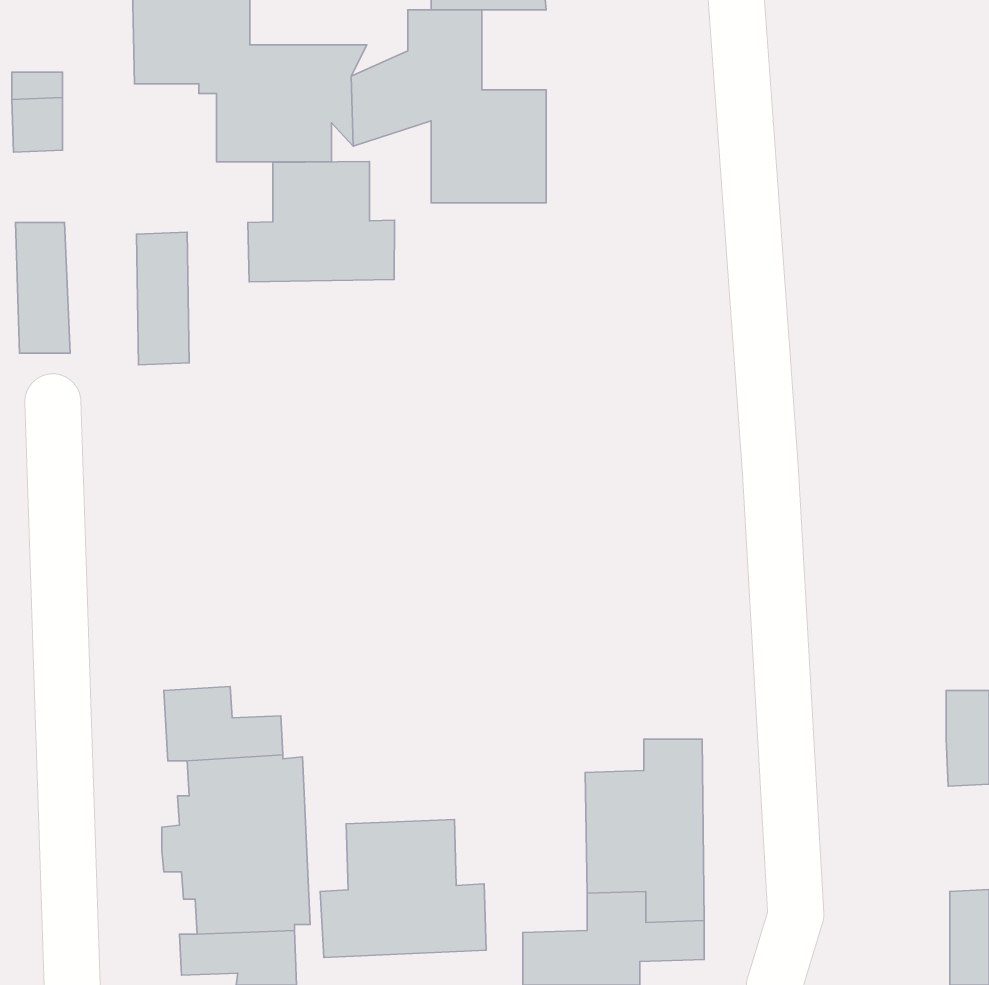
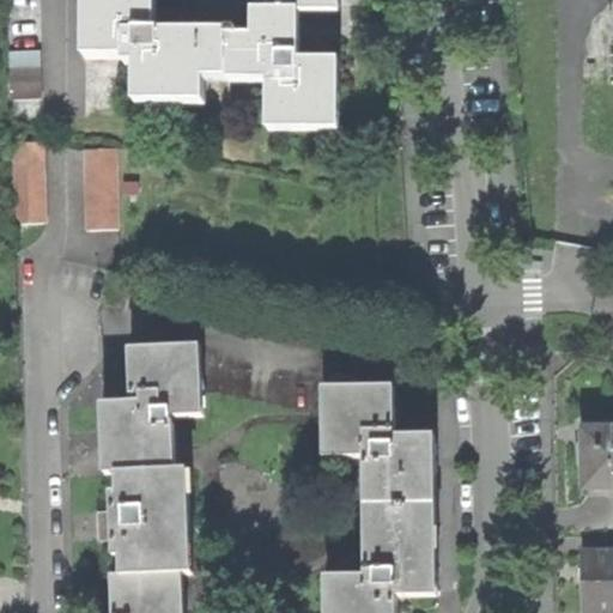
building: [248,162,394,282] -> none
building: none -> [99,342,202,441]
building: none -> [320,382,431,474]
building: [320,819,486,958] -> none

